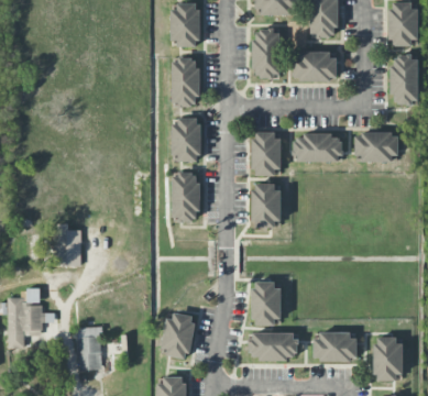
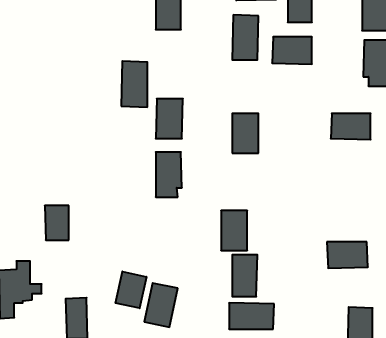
building: [171,58,198,107] -> [121,61,147,107]
building: [294,134,341,162] -> none
building: [252,184,279,226] -> [221,211,247,250]
building: none -> [116,271,146,308]
building: [314,333,356,361] -> [327,242,368,268]

